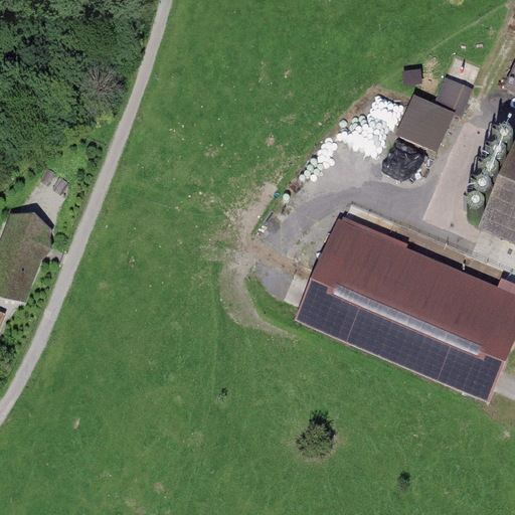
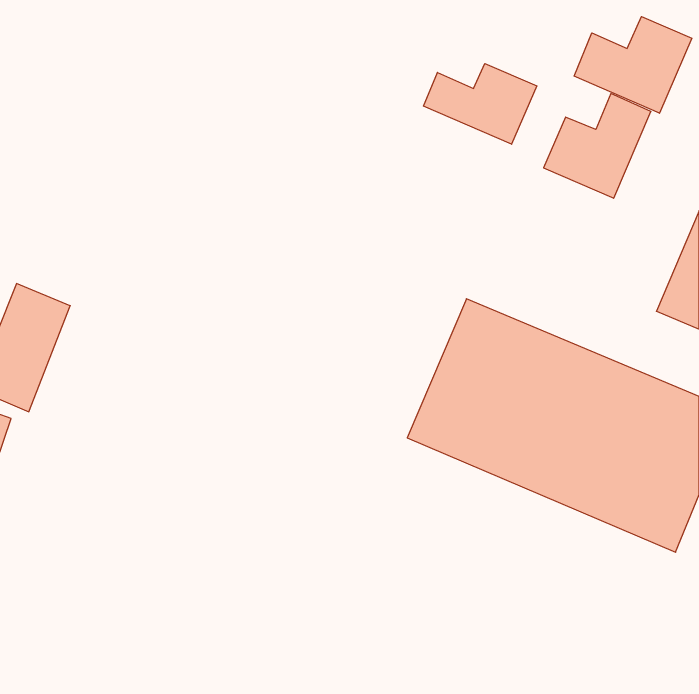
building: none -> [574,17,692,113]
building: none -> [424,64,537,144]

